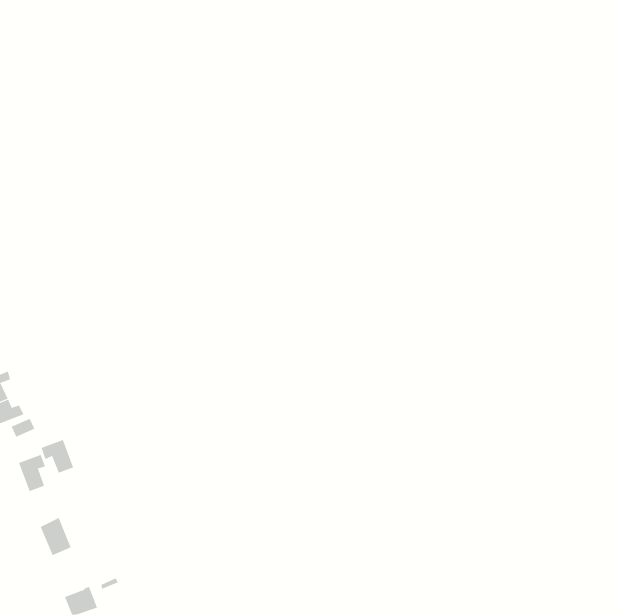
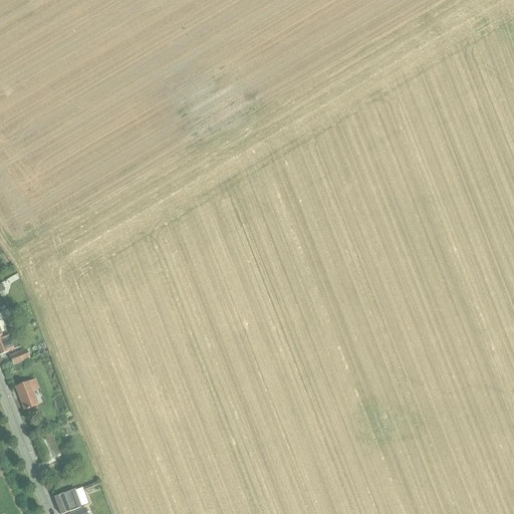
building: [41,439,74,474] -> none

